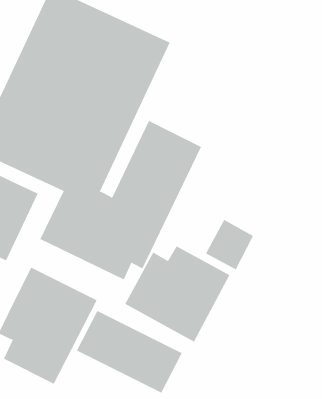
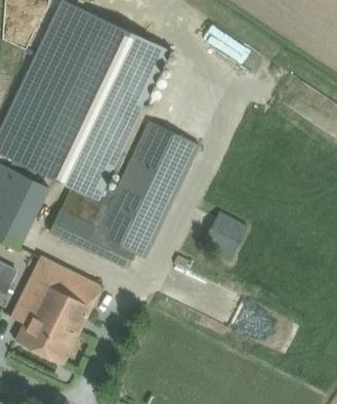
building: [124,246,230,343] -> none
building: [76,310,182,394] -> none

